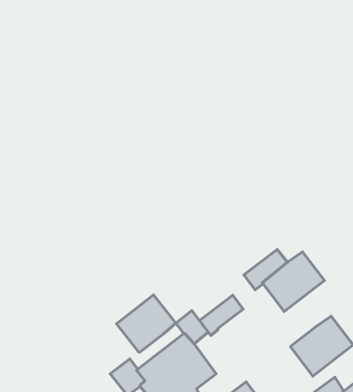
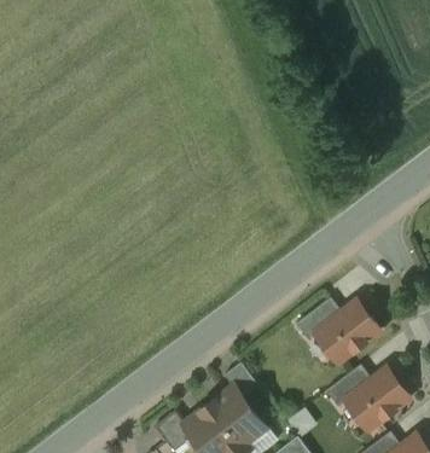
building: [116,295,176,352] -> none
building: [199,295,243,336] -> [326,365,372,407]

